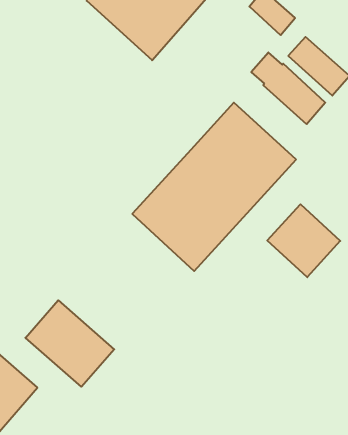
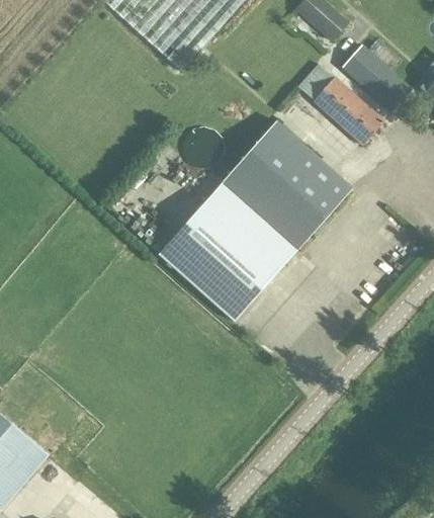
building: [267,204,340,277] -> none
building: [25,300,114,387] -> none

